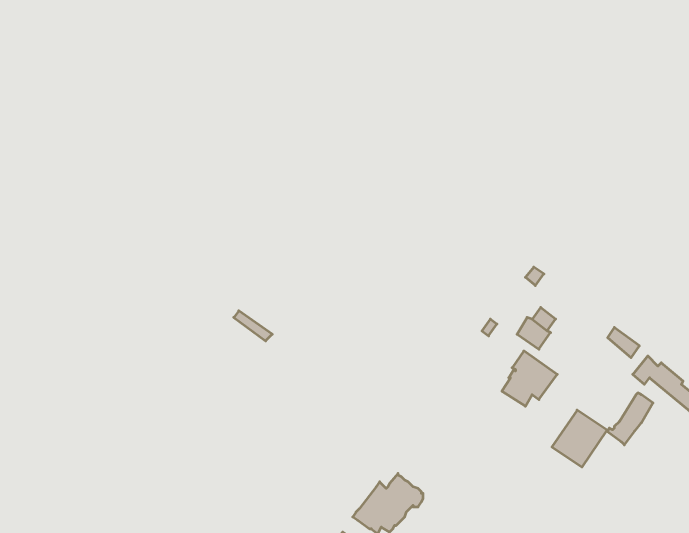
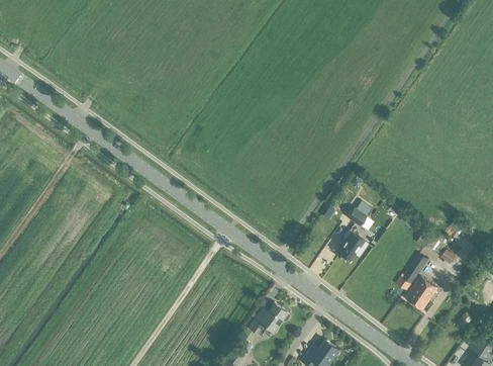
building: [552,410,607,467] -> [405,276,438,310]

